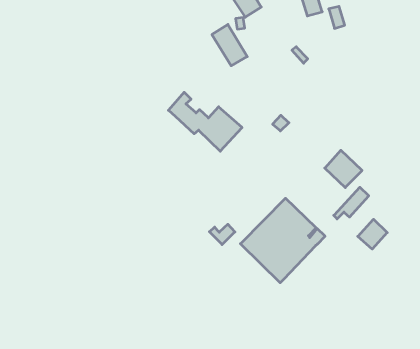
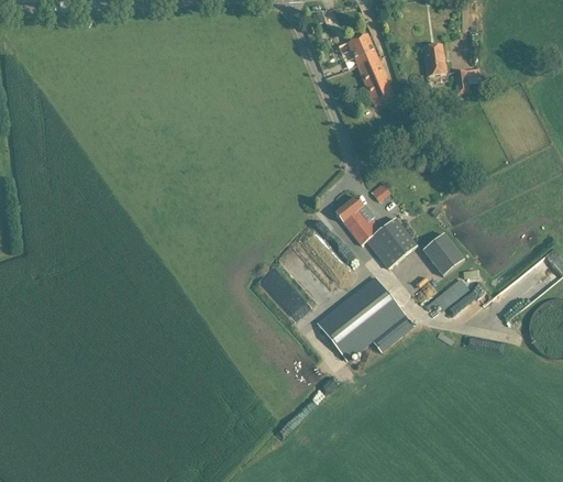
building: [212,24,247,66] -> [358,57,395,105]
building: [168,92,242,151] -> [336,196,417,269]
building: [358,219,387,249] -> none

